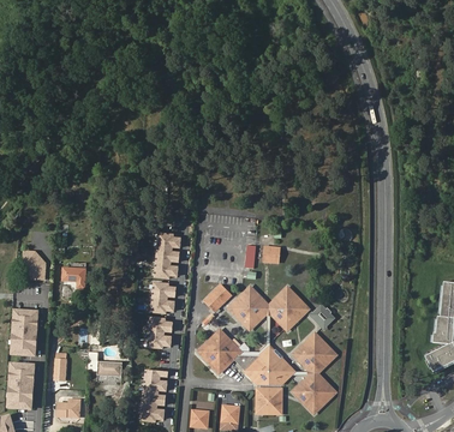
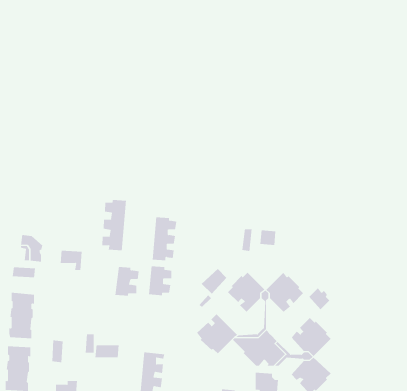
building: none -> [102,199,126,251]
building: [147,318,172,348] -> [114,266,140,296]

